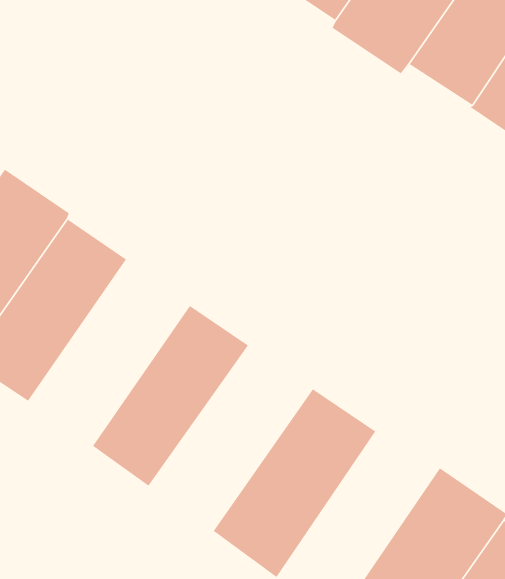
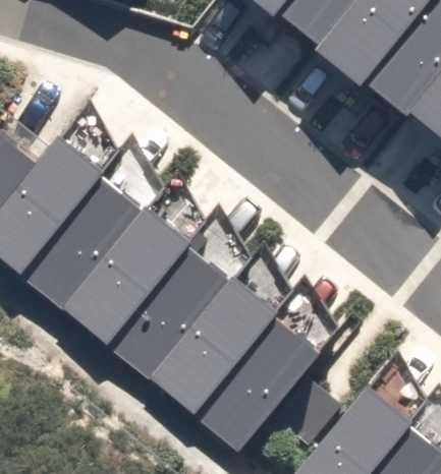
building: none -> [61,203,190,343]
building: none -> [146,273,277,413]

